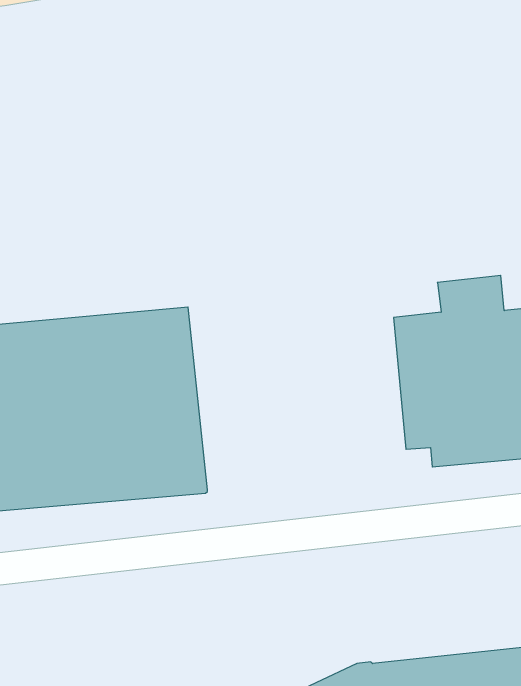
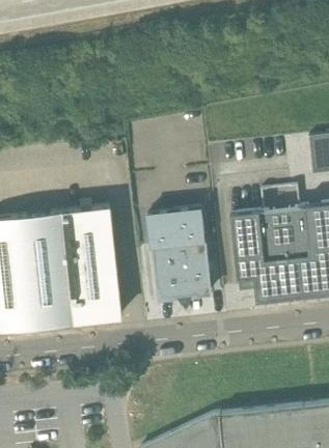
building: none -> [147,209,210,301]

